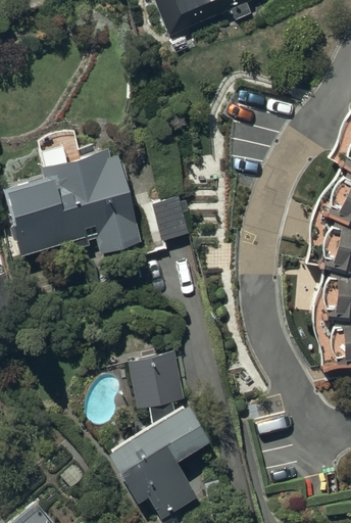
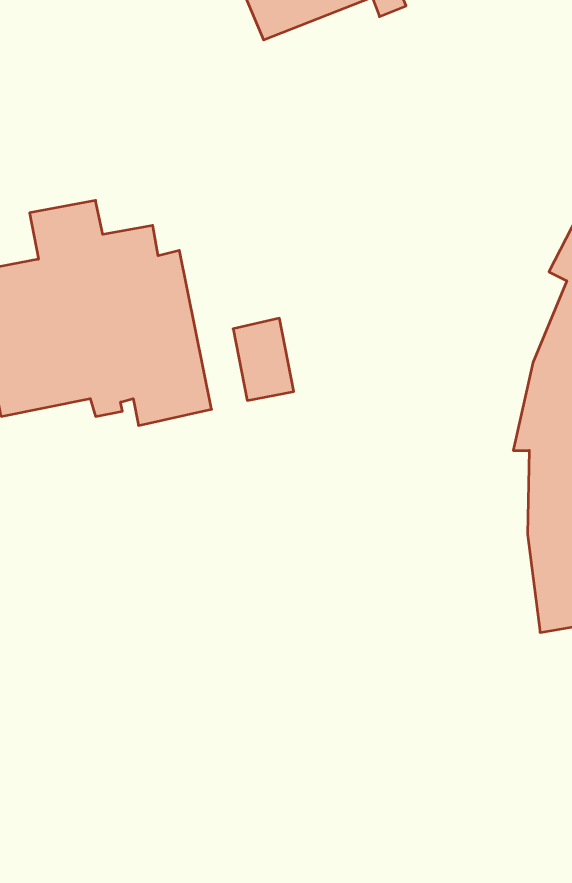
building: [106,351,214,513] -> none

